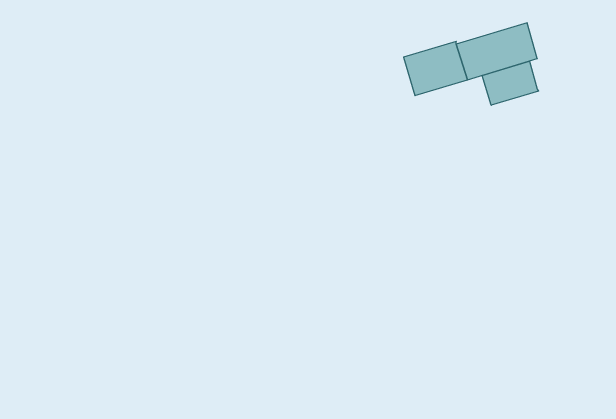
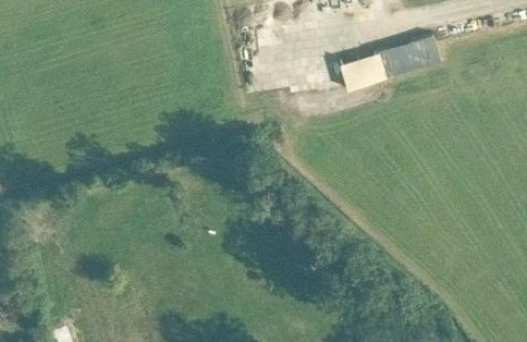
building: [482,61,539,105] -> none

